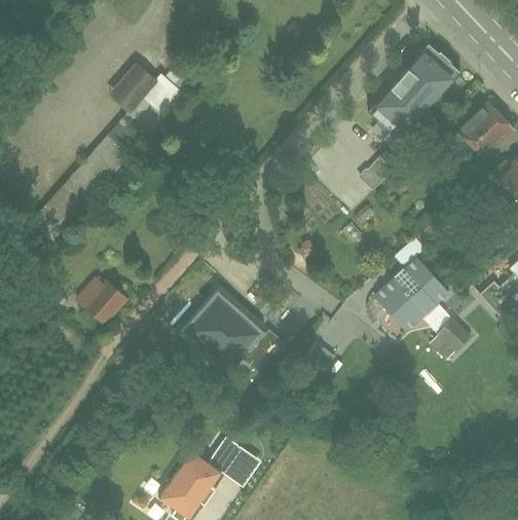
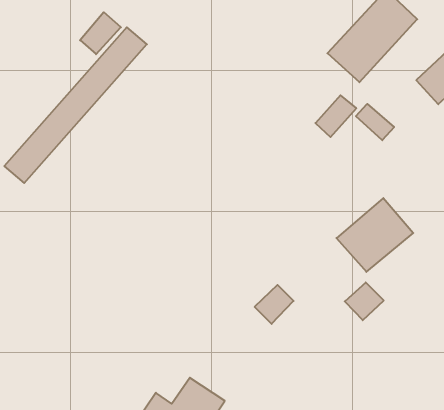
building: none -> [356,104,394,140]
building: [82,278,123,321] -> none
building: [174,286,260,371] -> none
building: [425,319,466,358] -> [345,282,384,320]

